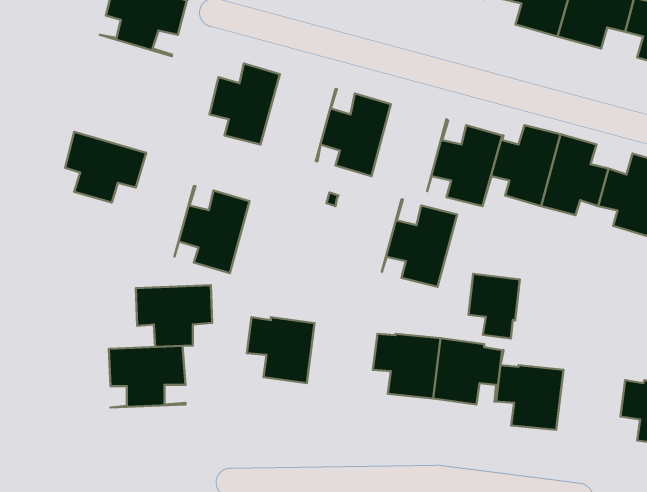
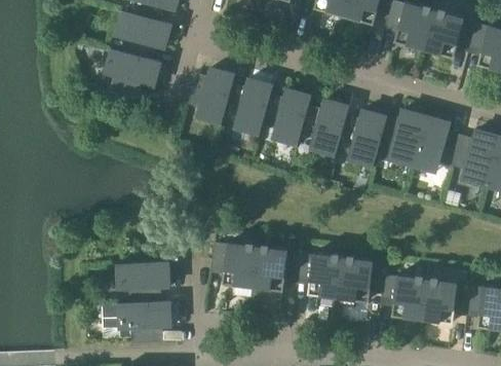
building: [65,132,146,202] -> [105,49,160,98]
building: [174,186,249,273] -> [221,76,272,136]
building: [382,200,457,287] -> [297,97,348,156]
building: [468,274,520,338] -> none
building: [136,285,212,347] -> [118,302,170,344]
building: none -> [253,247,301,291]
building: none -> [423,279,470,324]

